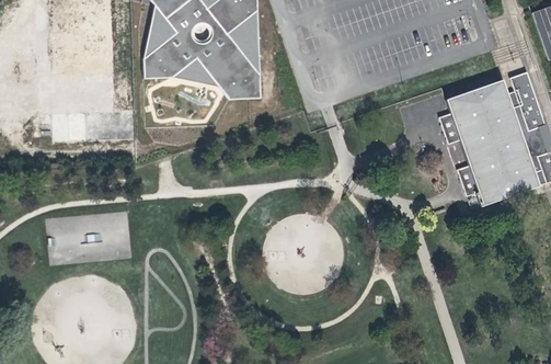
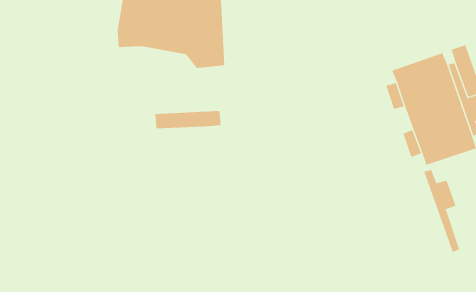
building: none -> [155,110,221,129]
building: none -> [424,169,460,253]

